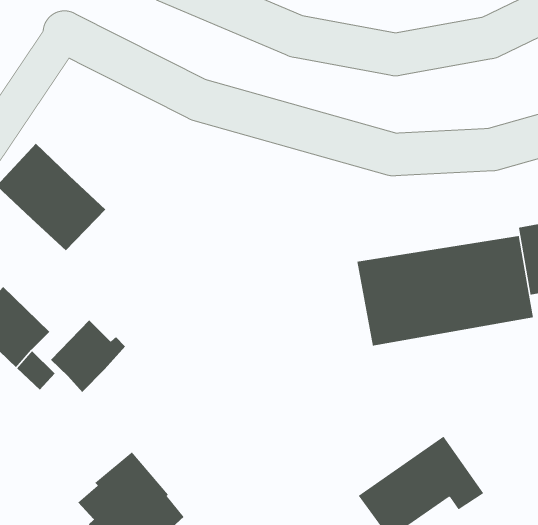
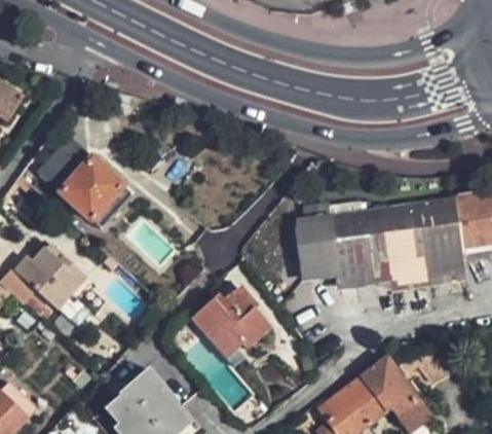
building: none -> [288,221,336,294]
building: [50,320,126,393] -> none
building: none -> [190,287,267,359]

